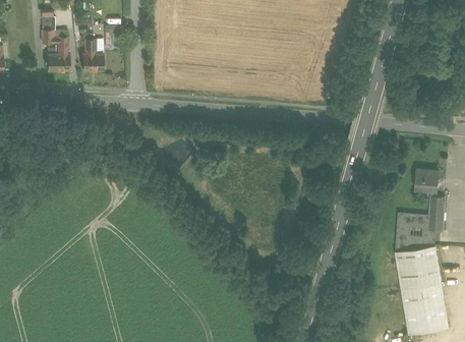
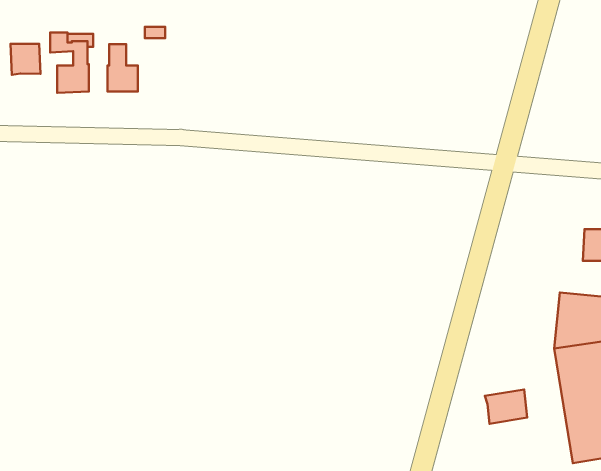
building: none -> [10,44,40,75]
building: none -> [485,389,527,424]

